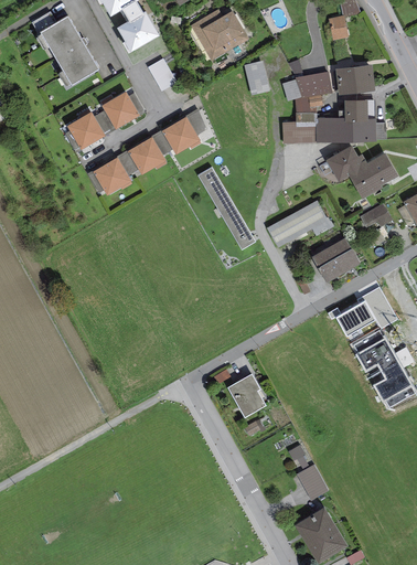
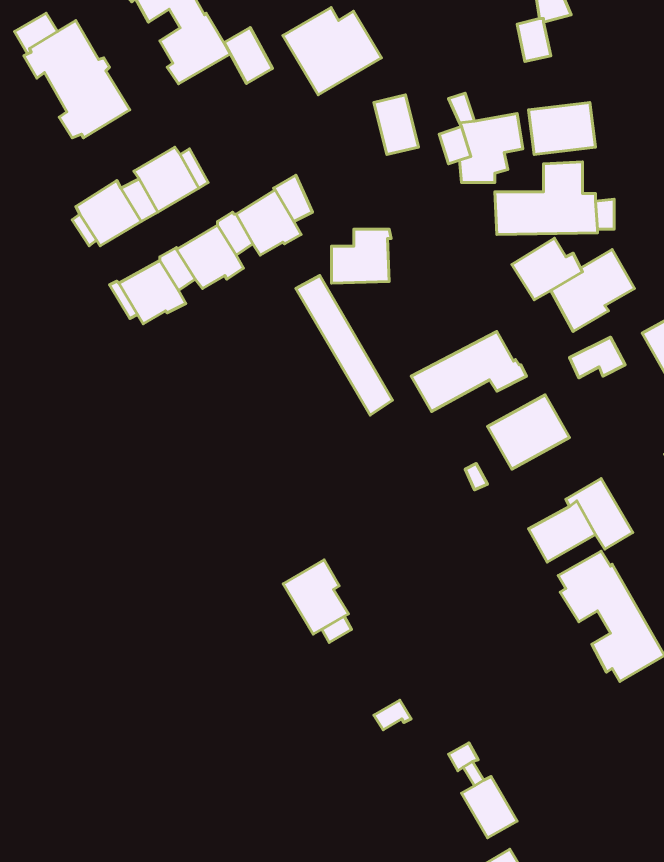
building: [148,57,177,90] -> [224,27,273,83]
building: [282,111,318,143] -> [332,229,391,283]
building: [227,373,266,417] -> [283,560,348,634]

